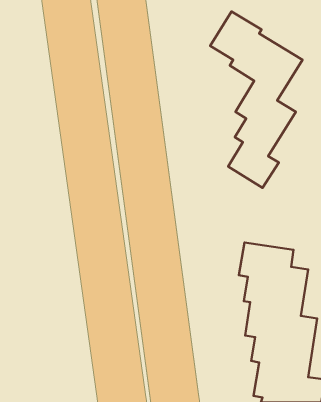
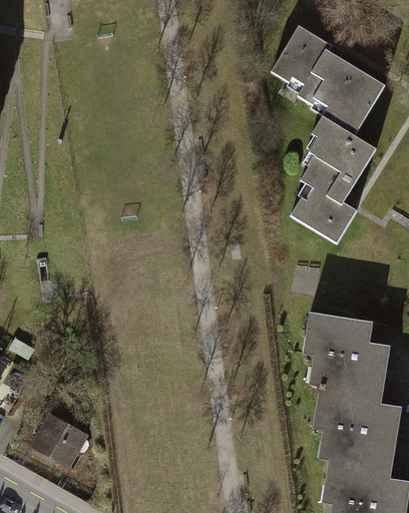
building: none -> [28,414,89,472]

